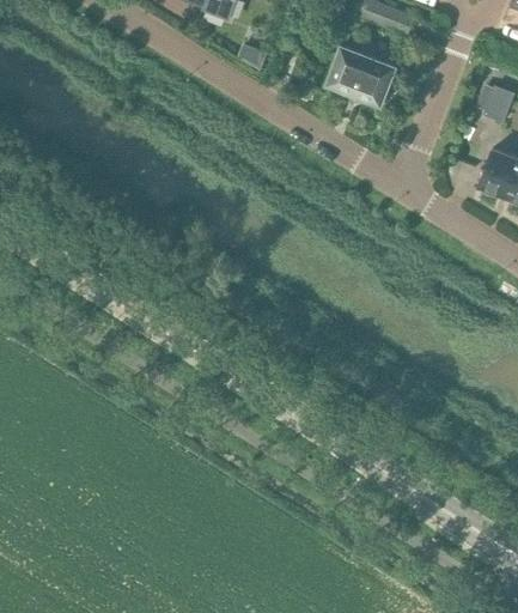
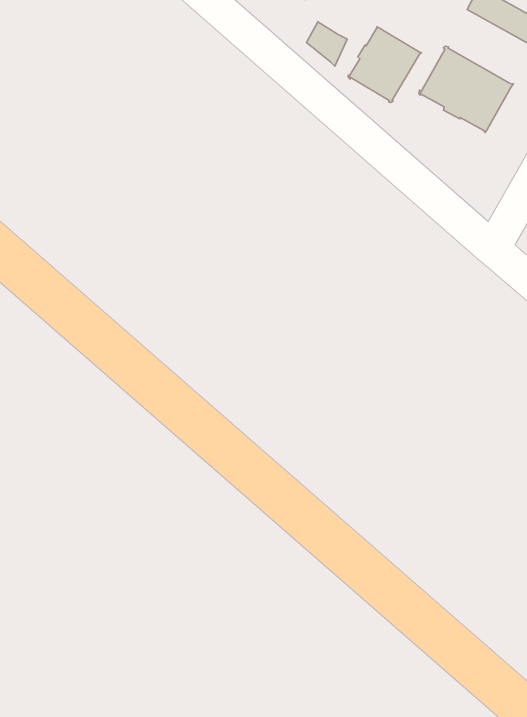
building: none -> [348,27,422,103]

